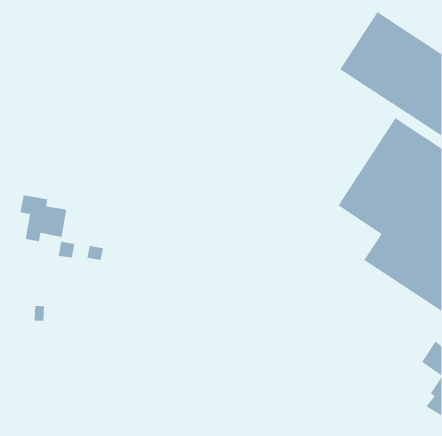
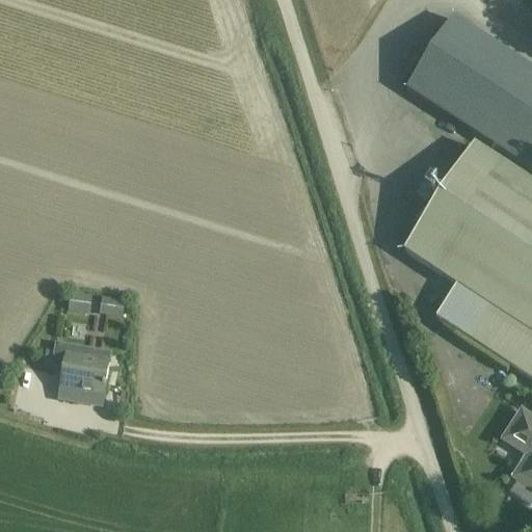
building: [20,195,67,242] -> [53,339,110,396]

